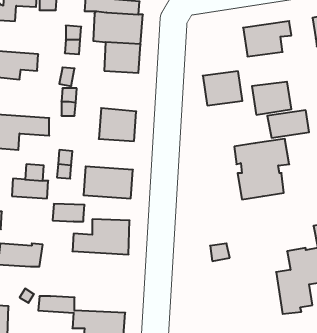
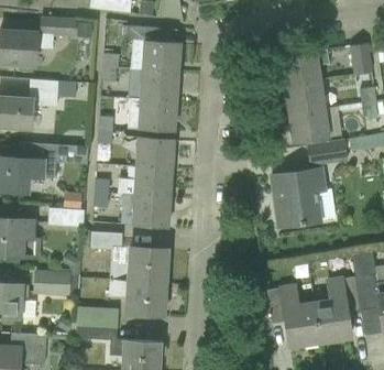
building: none -> [128,98,176,131]
building: [203,71,242,105] -> [285,80,325,115]
building: none -> [118,167,172,198]
building: none -> [109,280,166,315]
building: none -> [267,284,320,346]
building: none -> [77,307,118,326]

